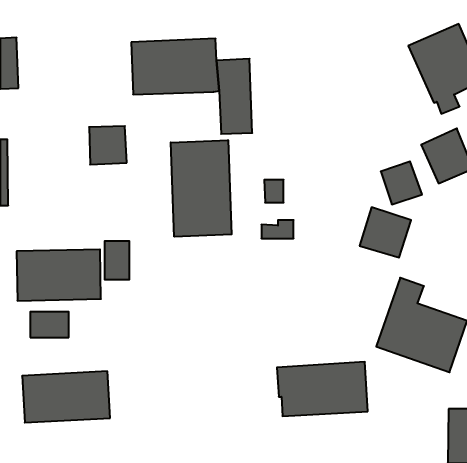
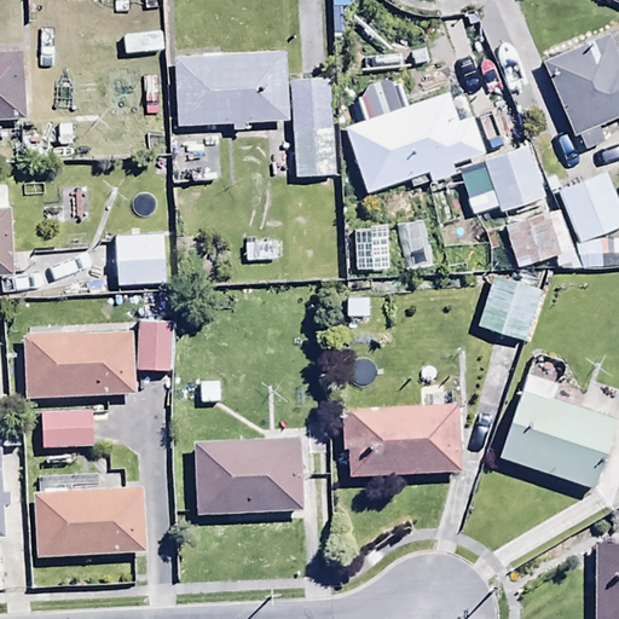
building: none -> [343,75,484,195]
building: none -> [484,146,545,214]
building: [89,126,127,165] -> [116,235,166,285]
building: [171,140,232,237] -> none
building: none -> [193,440,303,513]
building: [277,362,368,416] -> [342,405,462,476]

